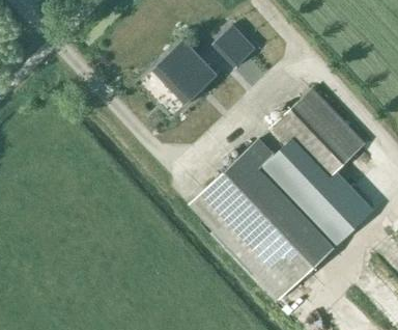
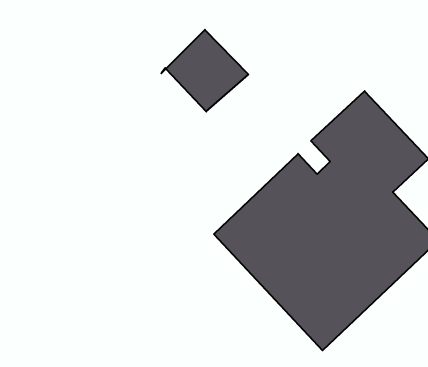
building: [211,24,255,67] -> none

